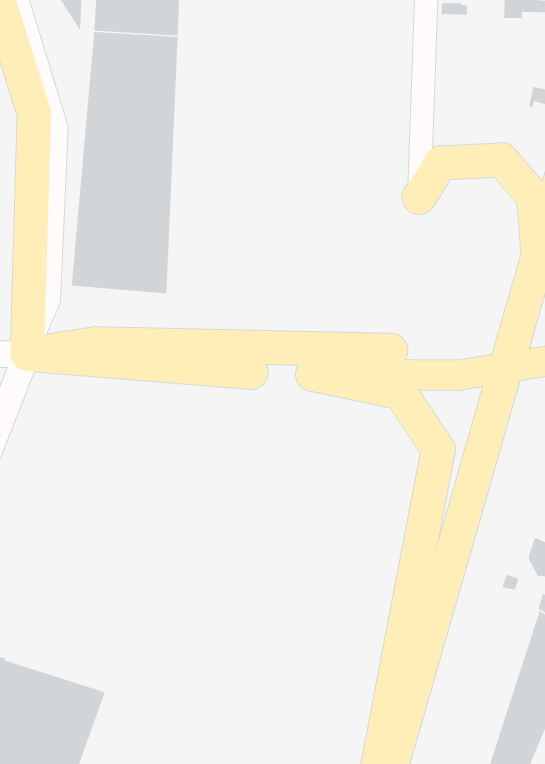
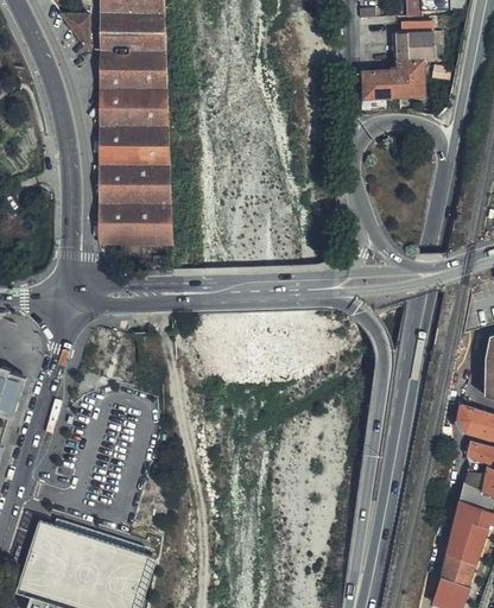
building: none -> [360,23,433,110]

